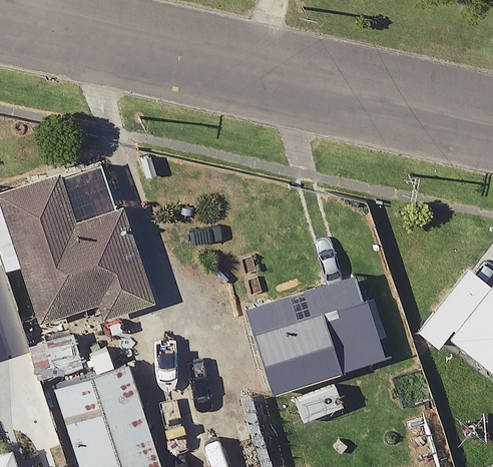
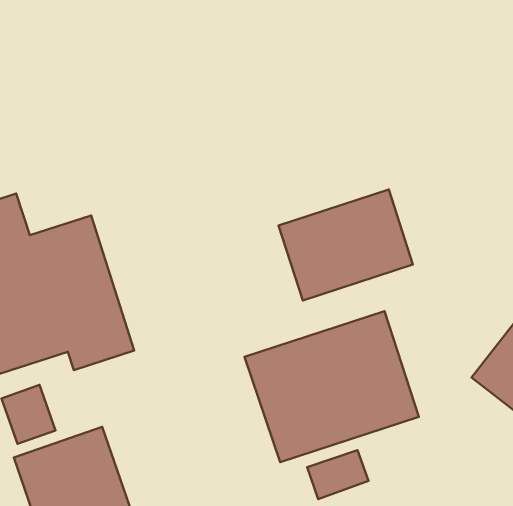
building: none -> [279,190,413,300]

